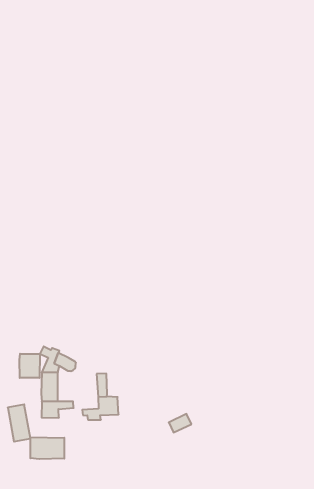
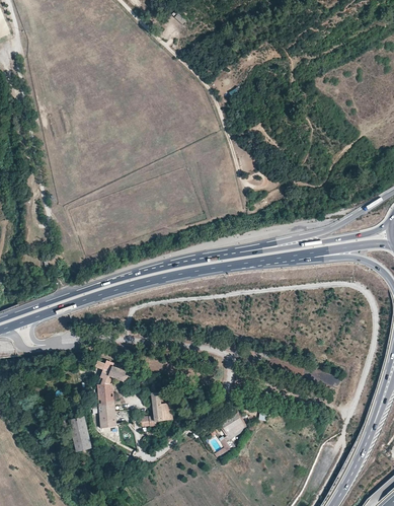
building: [19,354,40,378] -> none
building: [30,437,64,459] -> none

